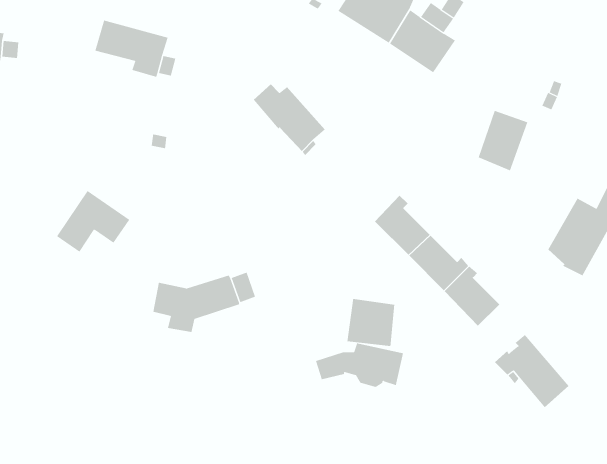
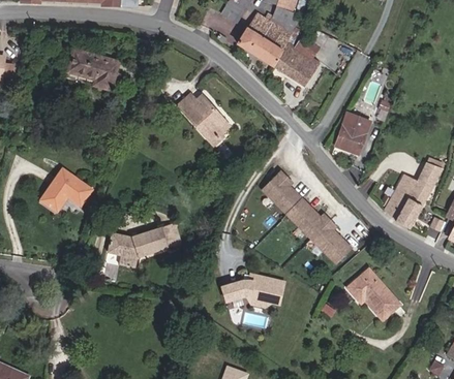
building: [347,298,395,347] -> none

